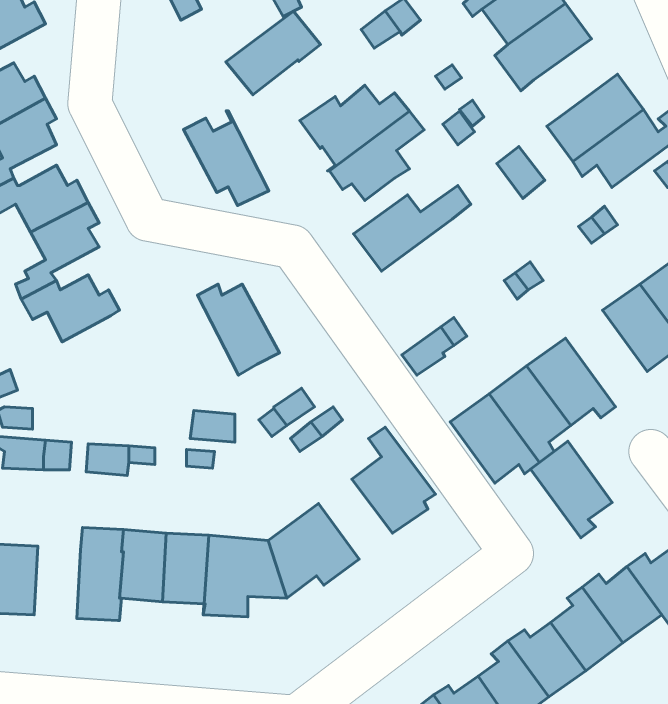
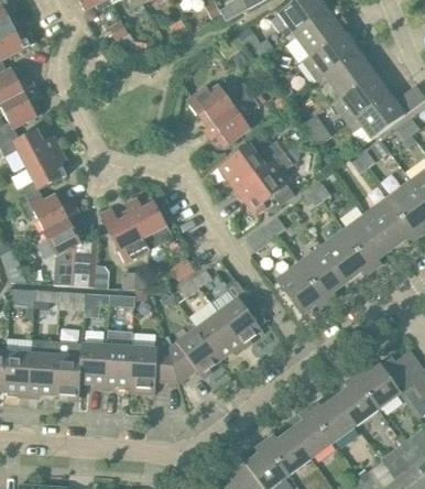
building: [226,11,321,95] -> none
building: none -> [324,52,373,98]
building: [184,111,269,206] -> [98,204,149,260]
building: none -> [233,143,298,210]
building: none -> [44,216,97,286]
building: [531,441,612,538] -> [342,213,391,270]
building: none -> [196,313,240,360]
building: none -> [28,340,56,395]

